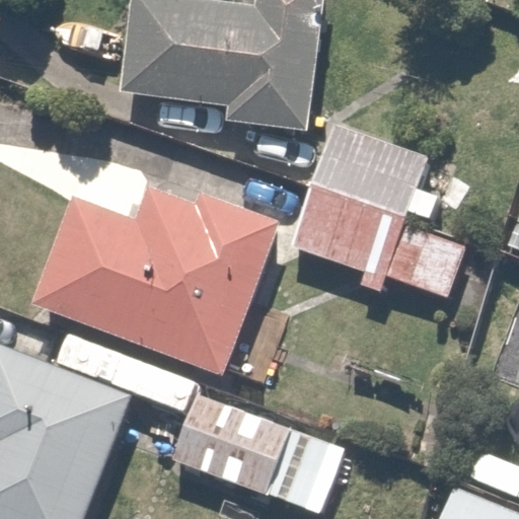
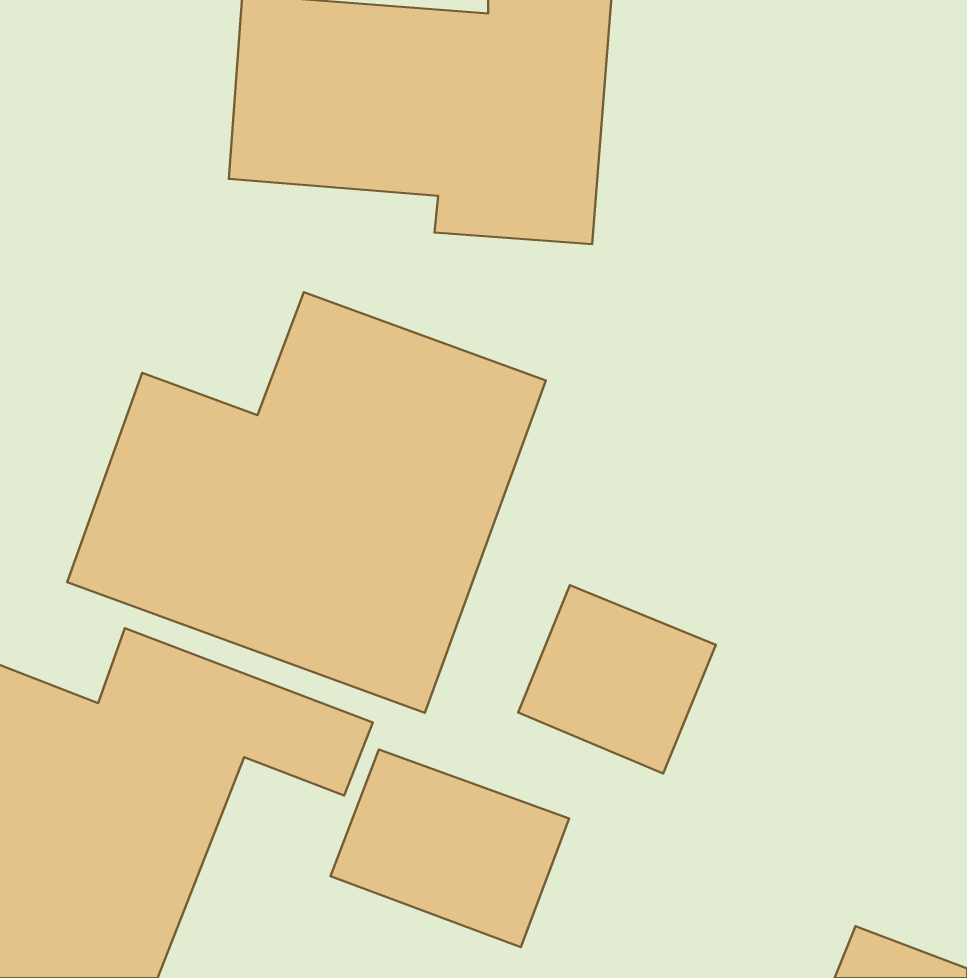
building: [288,124,466,307] -> none
building: none -> [518,585,716,773]

